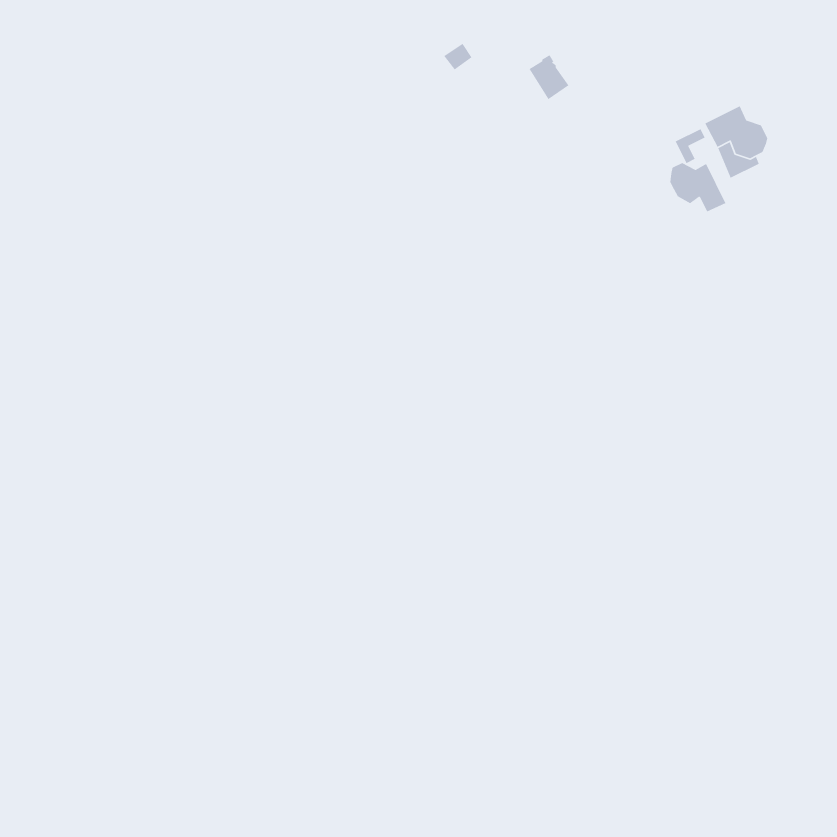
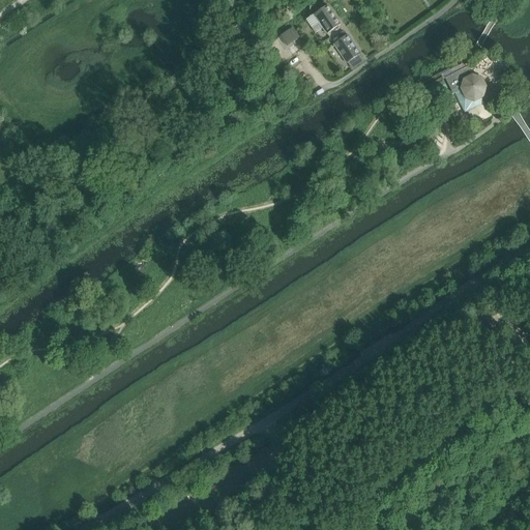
building: none -> [313,5,340,33]
building: [670,162,727,212] -> none

